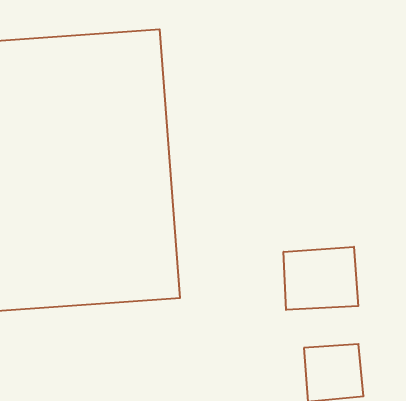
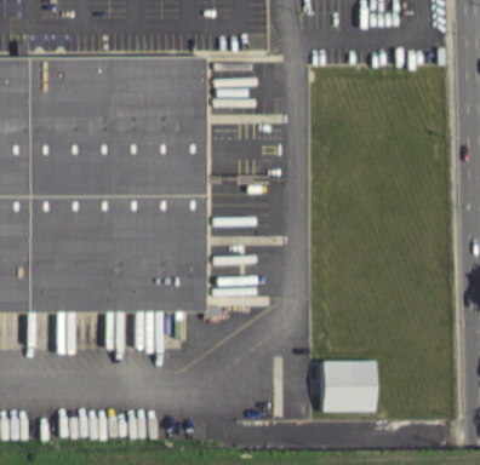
building: [284,247,358,310] -> none

